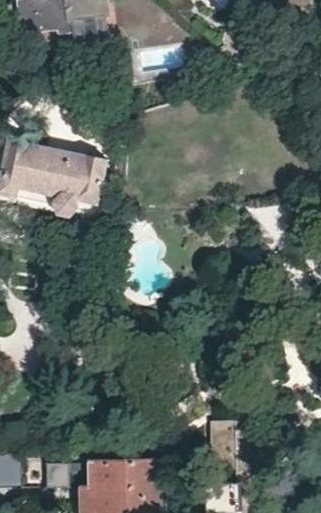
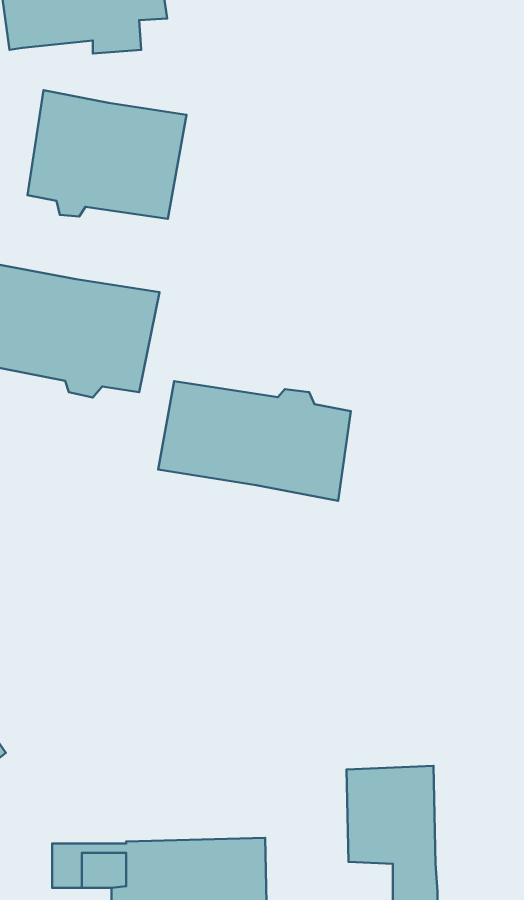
building: none -> [28,90,187,219]
building: none -> [158,381,351,501]

